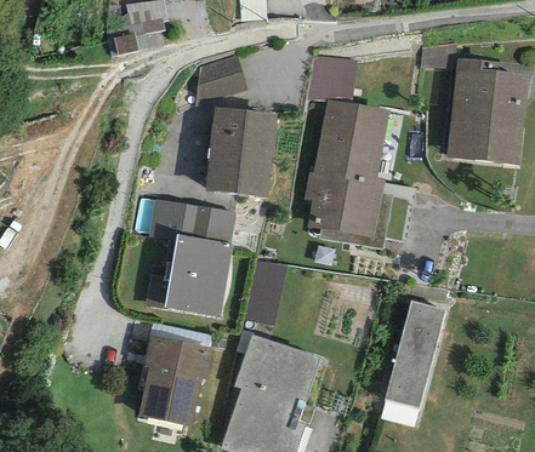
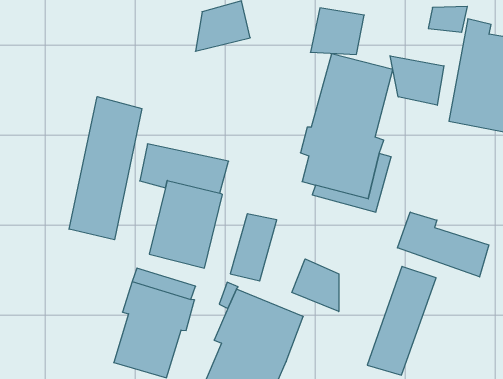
building: none -> [390,56,444,105]
building: [205,105,278,196] -> none
building: none -> [69,97,142,240]
building: none -> [397,212,489,277]
building: none -> [292,259,339,312]

